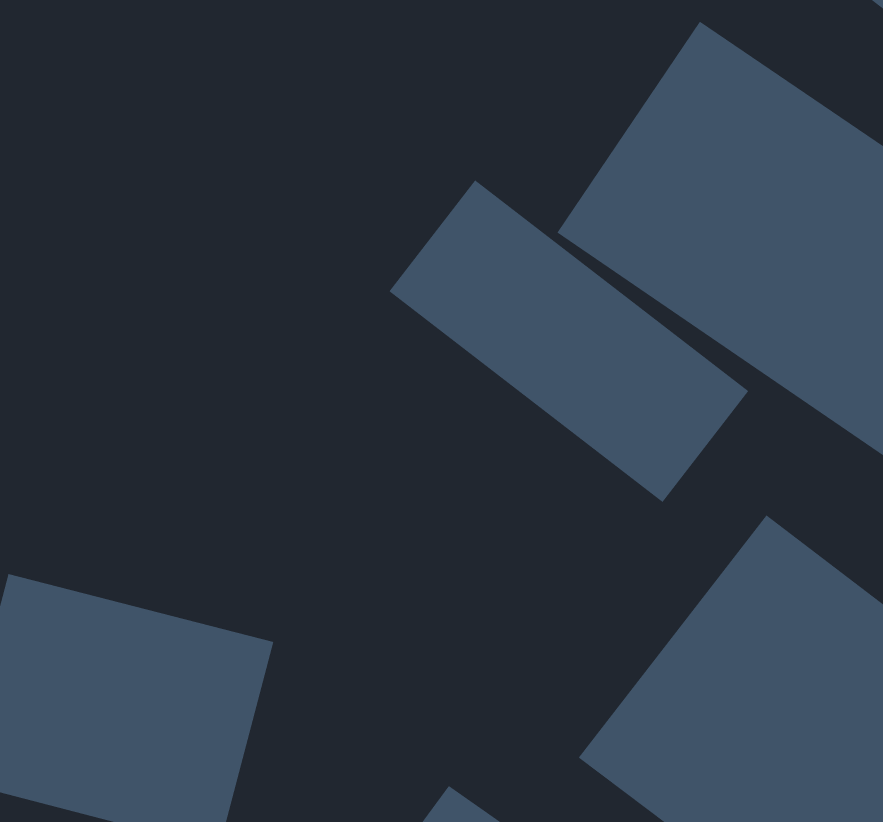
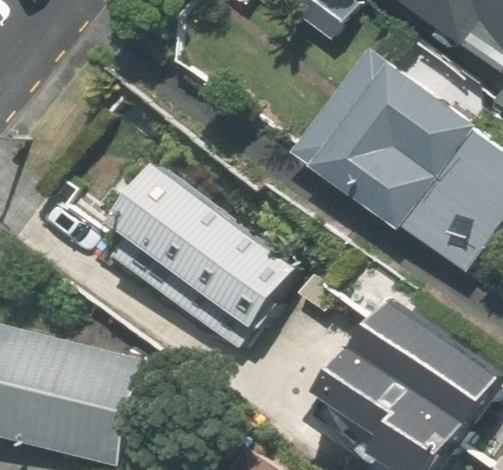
building: [389,179,749,503] -> [118,163,302,328]

